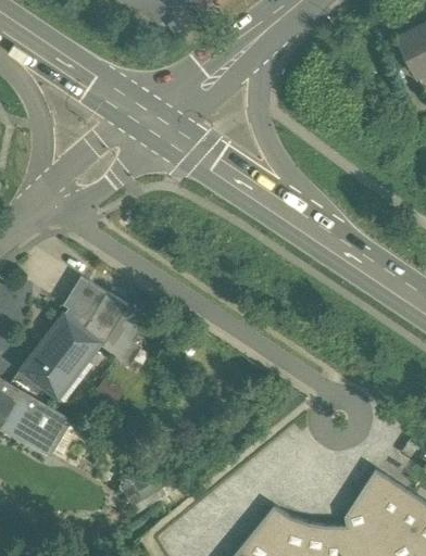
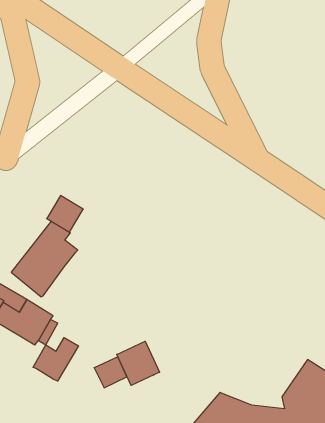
building: [85,293,141,365] -> none
building: none -> [33,338,79,381]
building: none -> [117,341,160,385]

